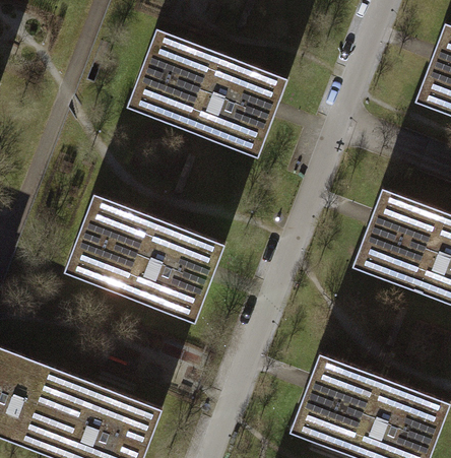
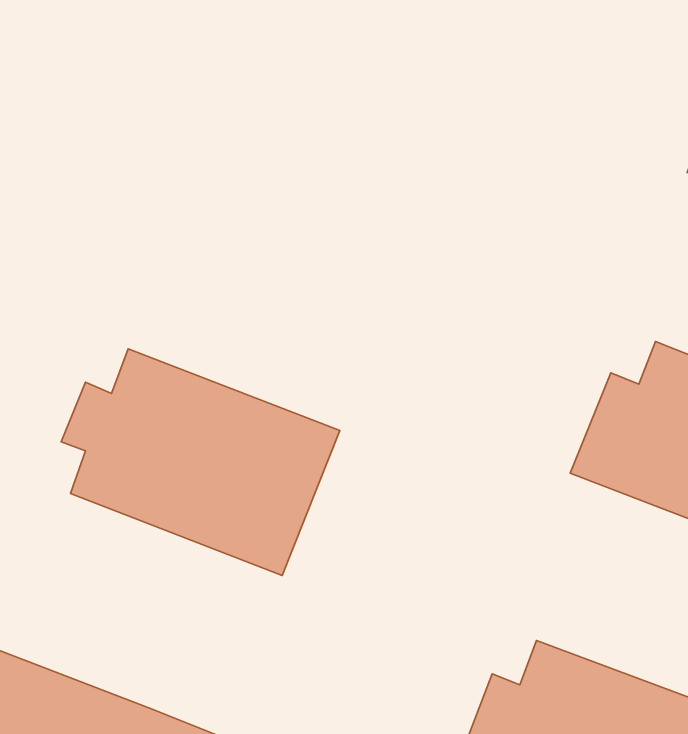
building: [135,38,286,158] -> none

